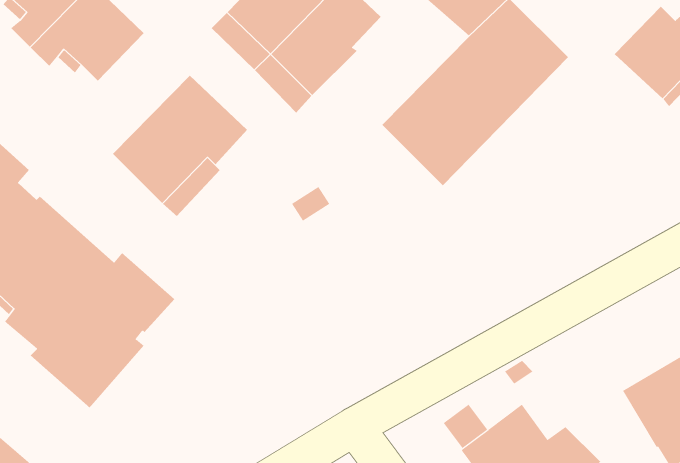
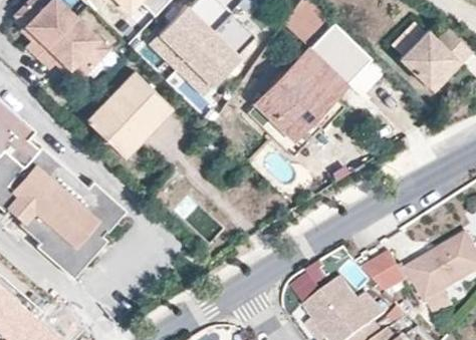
building: none -> [363,253,407,293]

